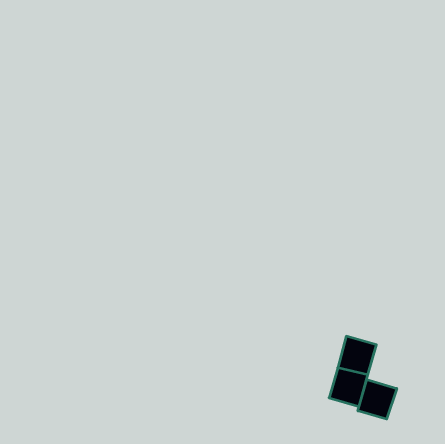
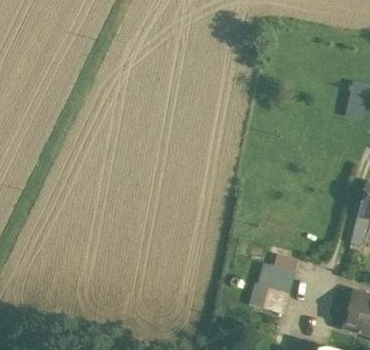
building: [358,379,397,419] -> none

